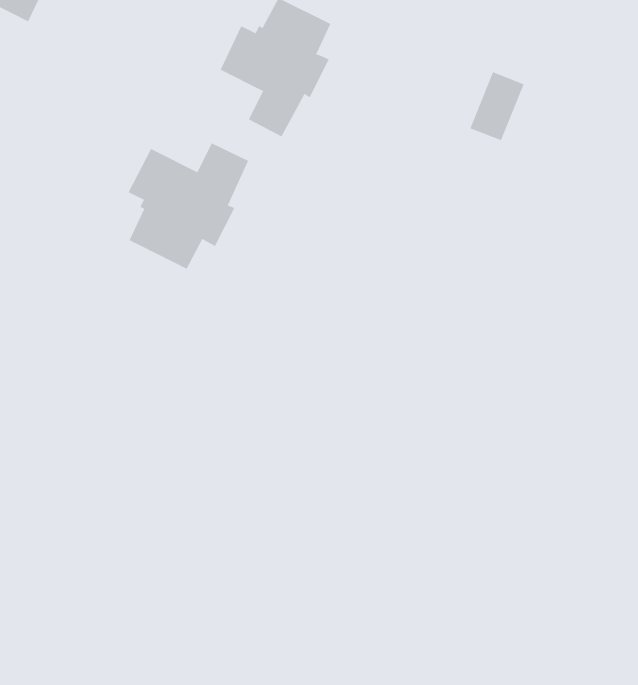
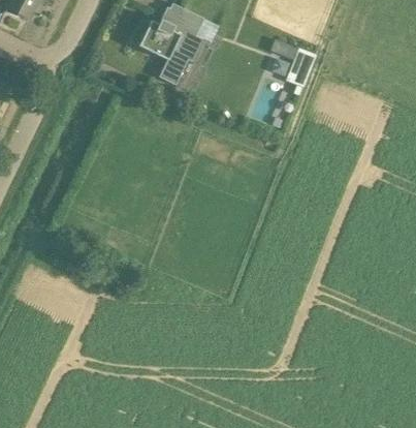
building: [128,143,249,270] -> none

